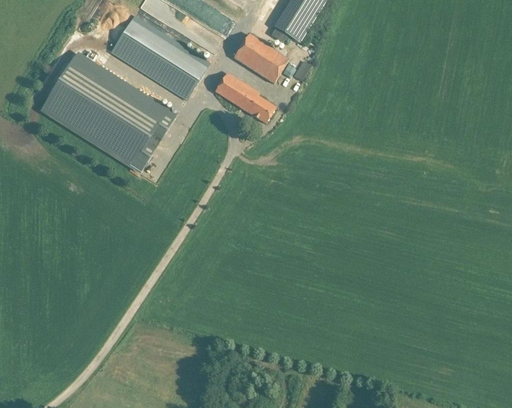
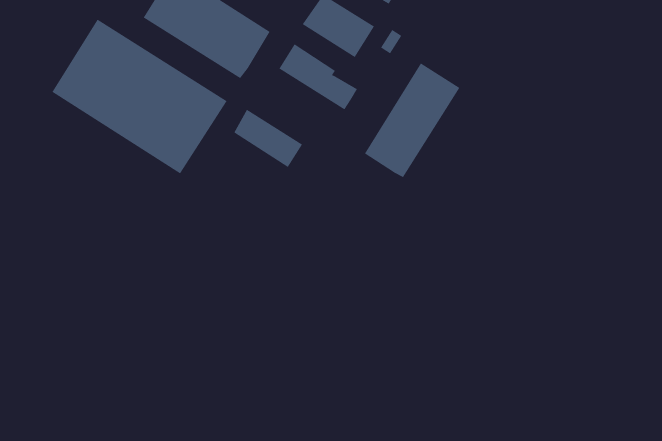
building: none -> [364,62,460,178]
building: none -> [233,109,303,168]

